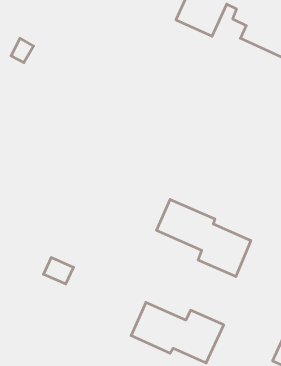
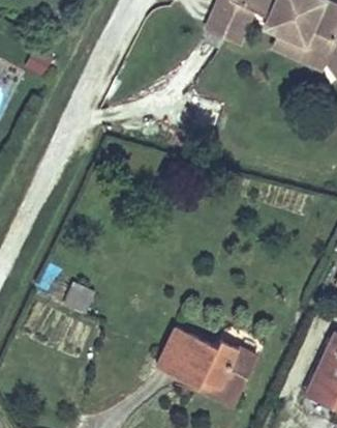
building: [157,199,251,277] -> none

